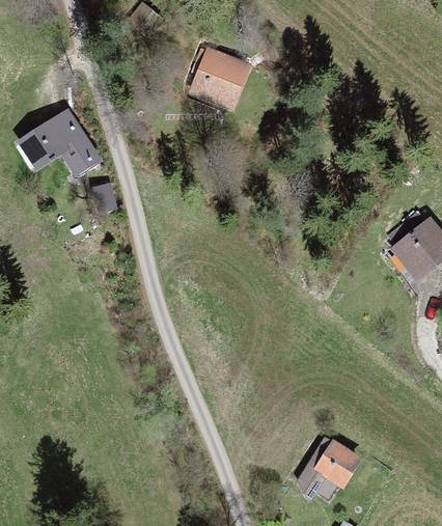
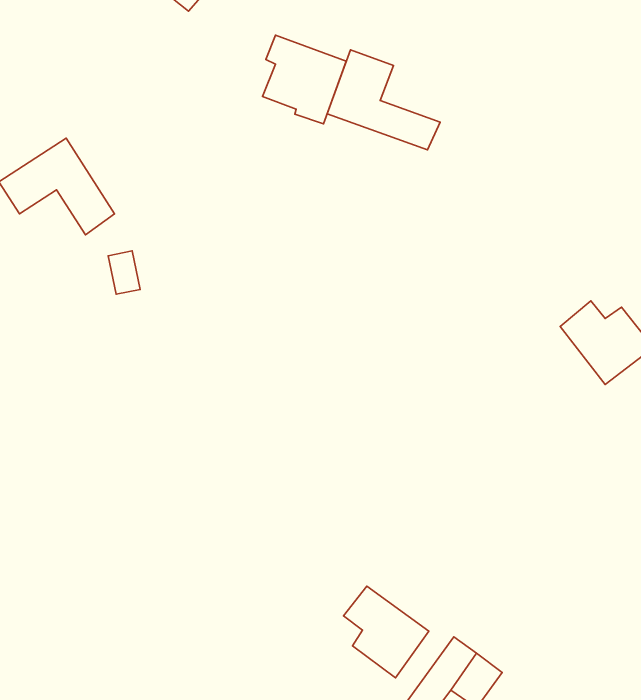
building: none -> [327,50,440,150]
building: none -> [344,586,429,678]

